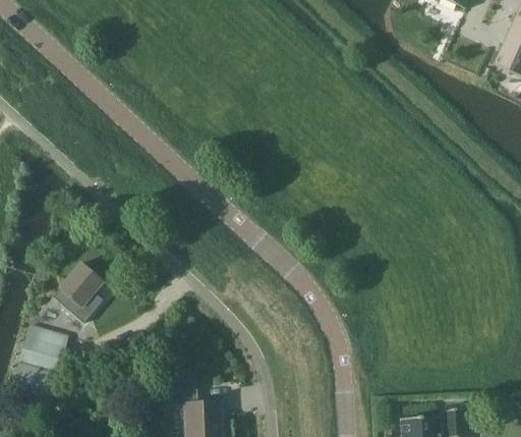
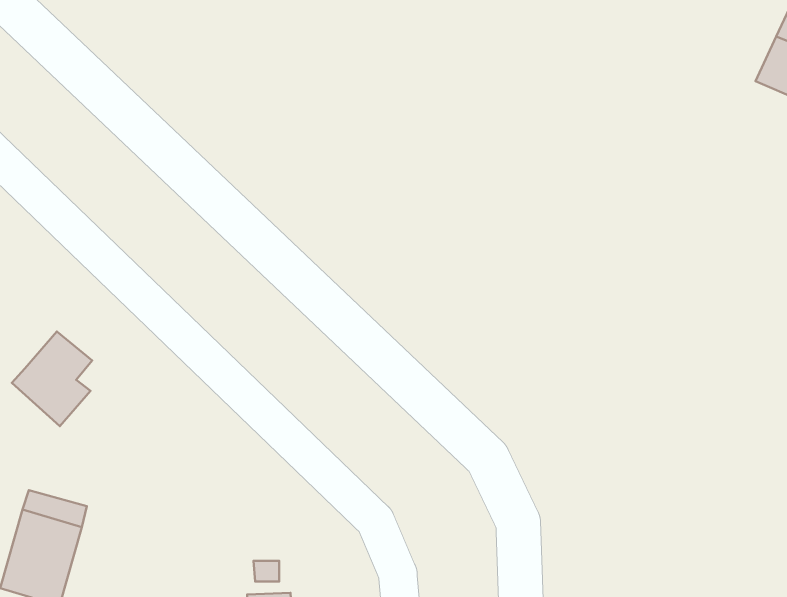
building: [52,263,103,323] -> [12,332,92,426]

